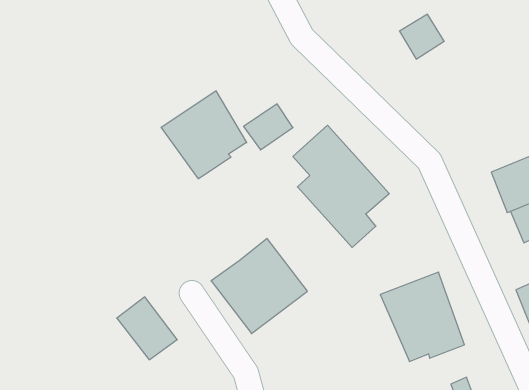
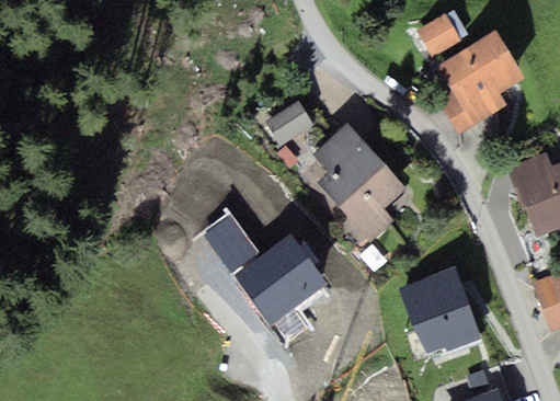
building: none -> [436,30,525,136]
building: [161,91,247,179] -> none
building: [117,297,177,360] -> [201,214,260,275]

